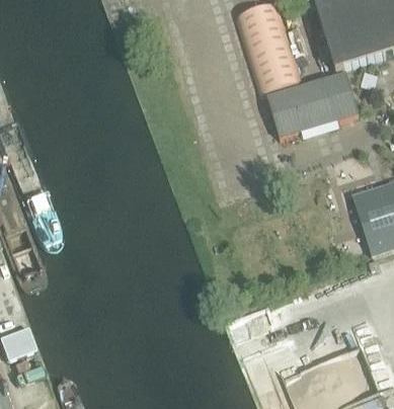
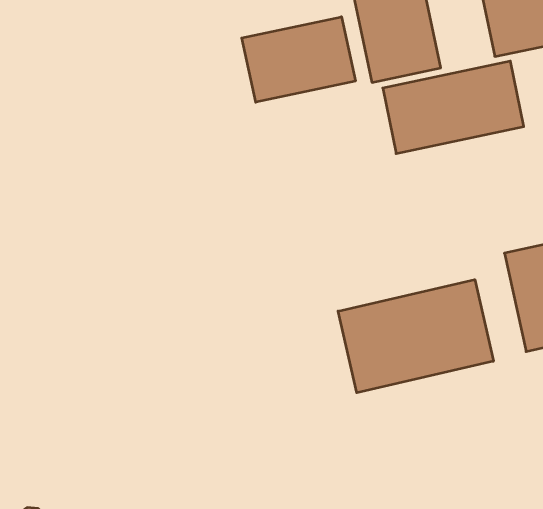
building: none -> [242,17,355,102]
building: none -> [338,280,493,393]

